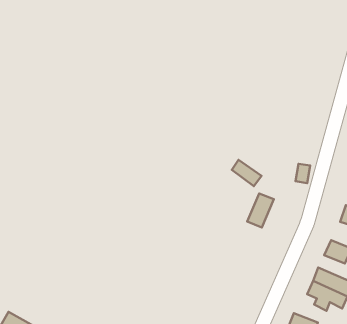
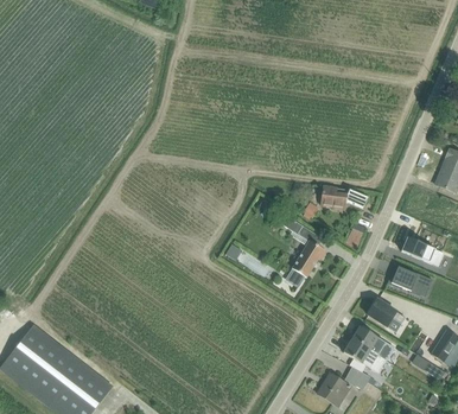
building: none -> [320,184,368,209]

